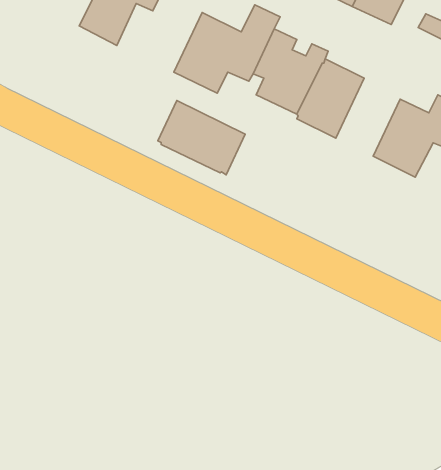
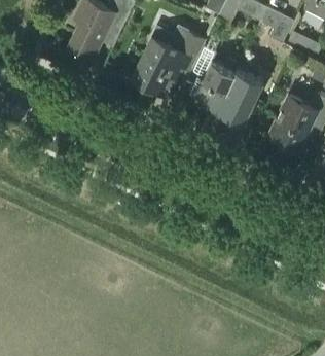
building: [158,100,245,175] -> none

